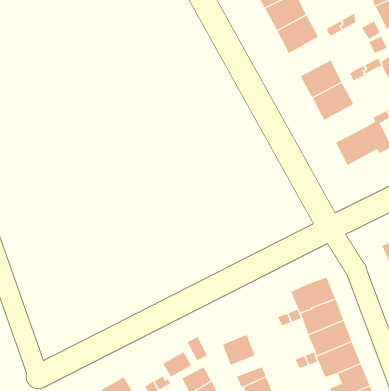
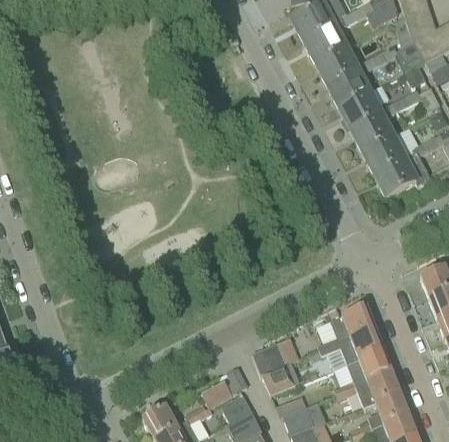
building: none -> [328,69,370,108]
building: none -> [363,136,405,174]
building: none -> [252,343,287,375]

